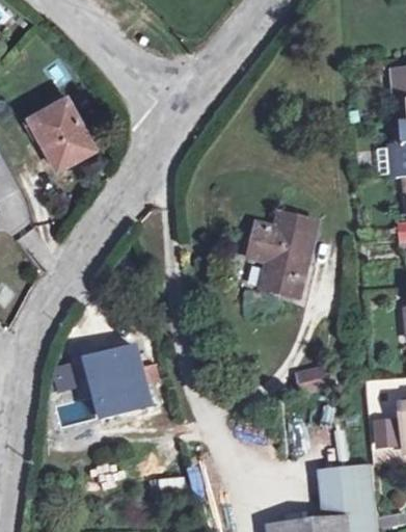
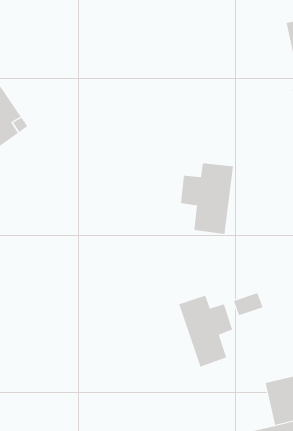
building: [91,346,151,417] -> none
building: none -> [178,295,233,367]

